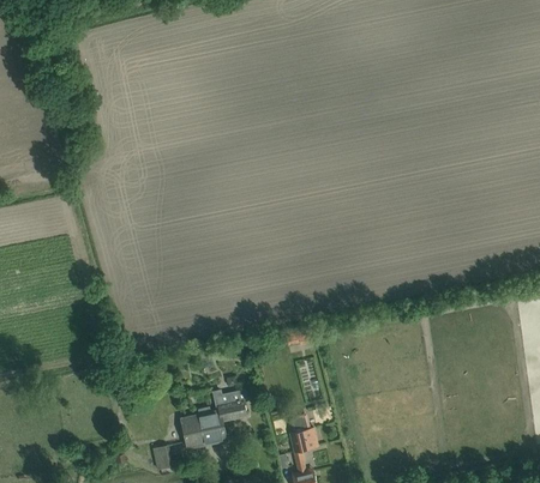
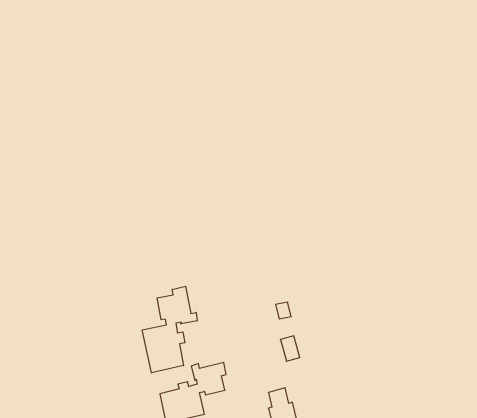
building: none -> [142,286,197,373]

